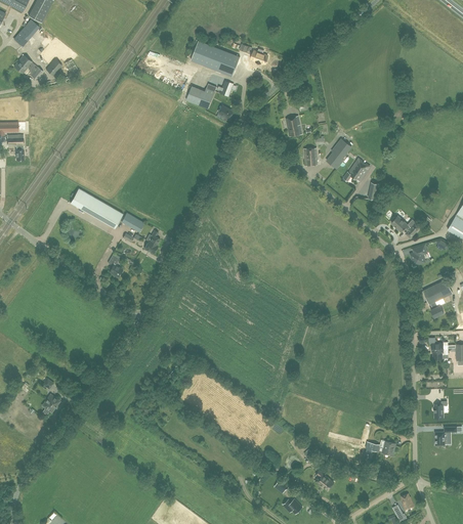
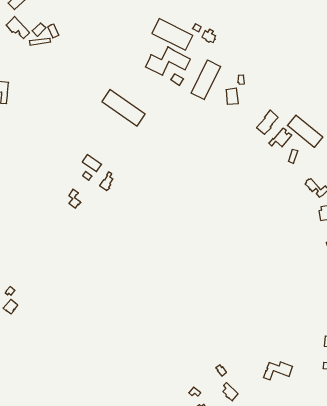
building: none -> [191,60,221,100]
building: none -> [287,115,323,147]
building: [70,187,123,228] -> [102,89,145,126]

